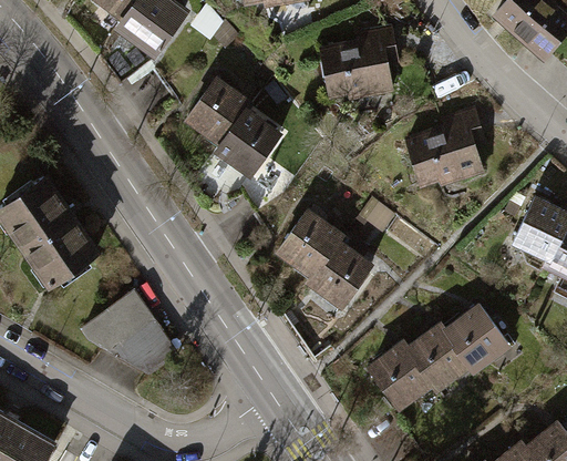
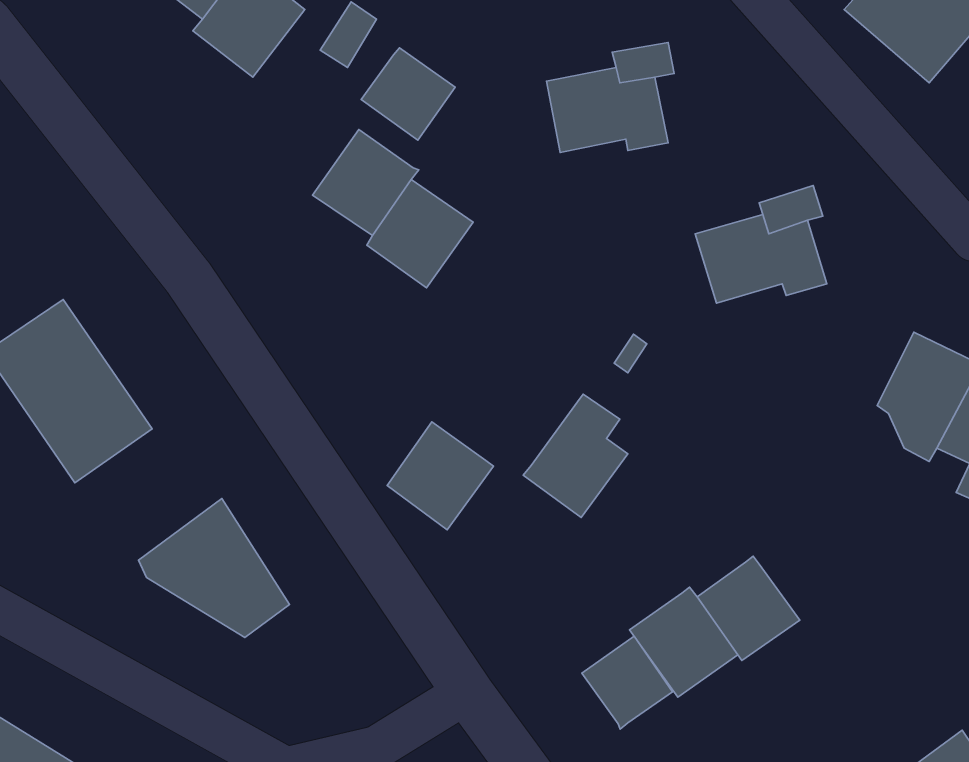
building: none -> [361,48,455,140]
building: [278,212,339,274] -> [387,422,494,530]
building: [443,306,505,369] -> none
building: none -> [582,636,672,729]

